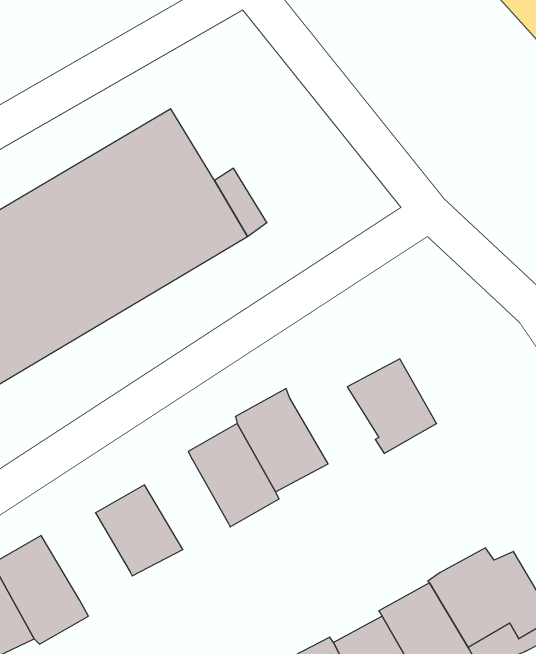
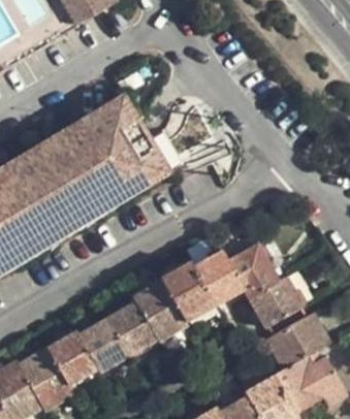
building: none -> [193,251,246,305]
building: none -> [249,278,303,328]
building: none -> [107,302,157,356]
building: none -> [266,314,330,369]
building: none -> [46,331,99,386]

